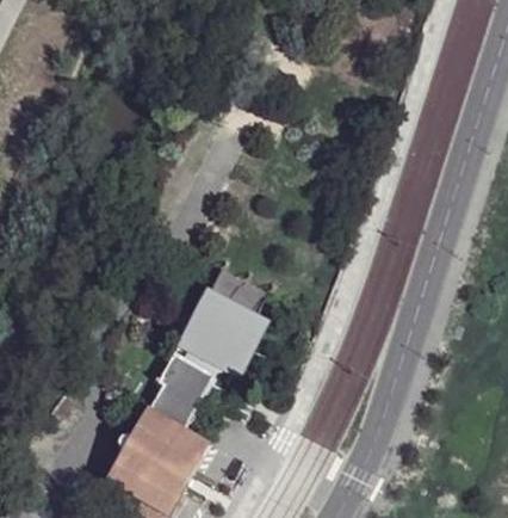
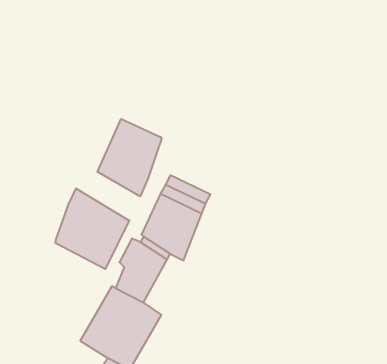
building: none -> [98,119,161,196]
building: none -> [56,188,129,269]

